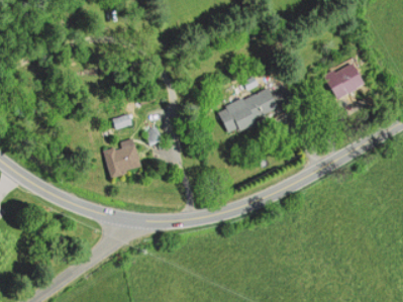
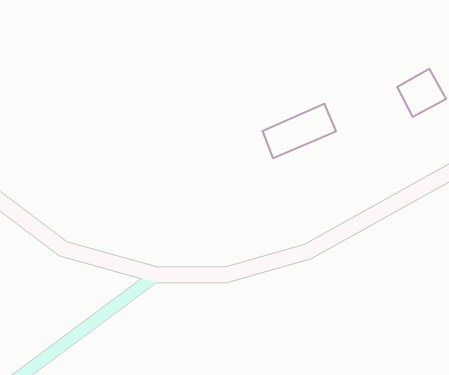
building: [104,145,138,176] -> none

